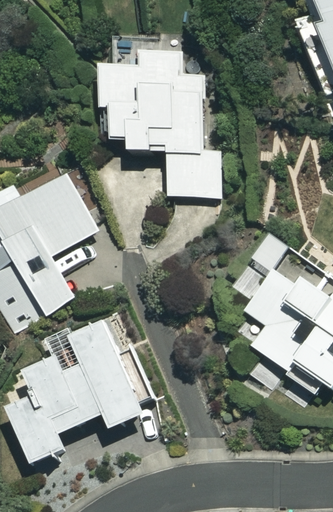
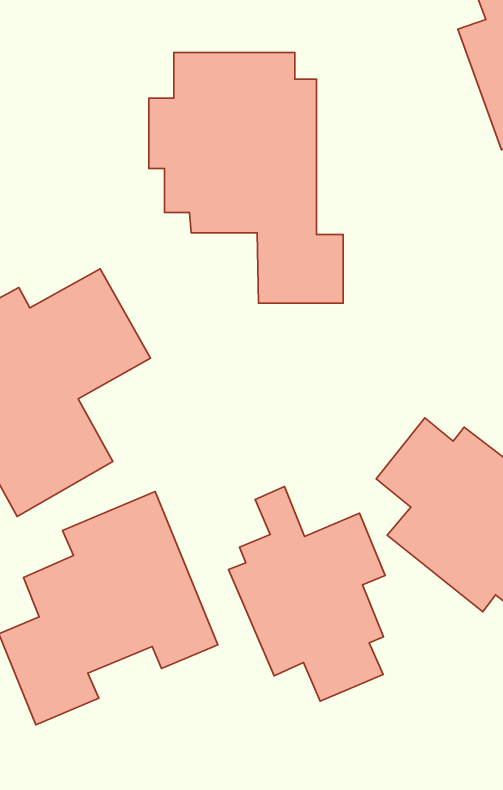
building: none -> [228,486,385,701]

